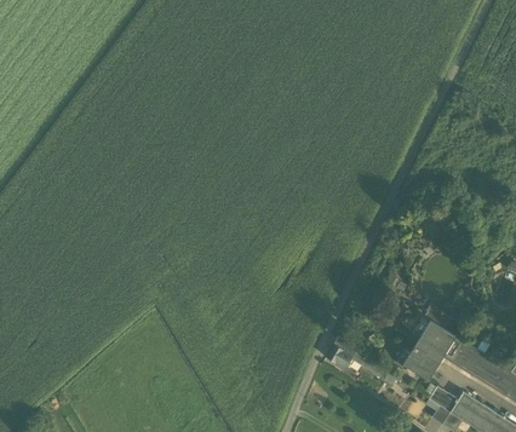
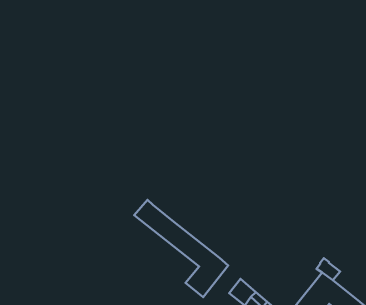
building: none -> [134,200,228,297]

